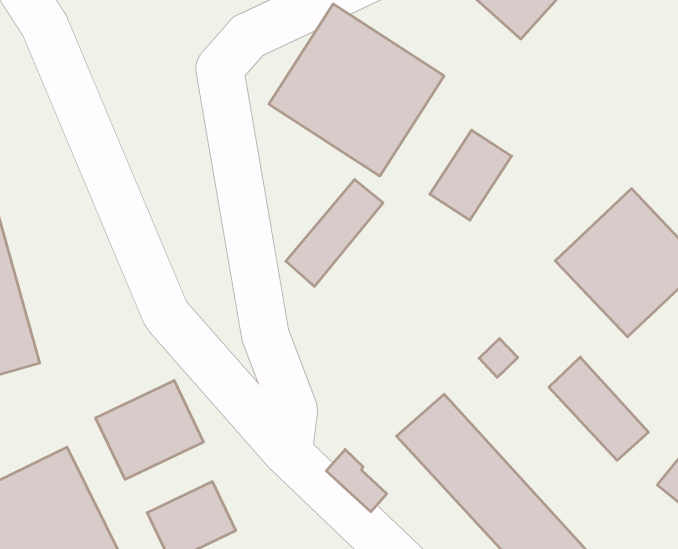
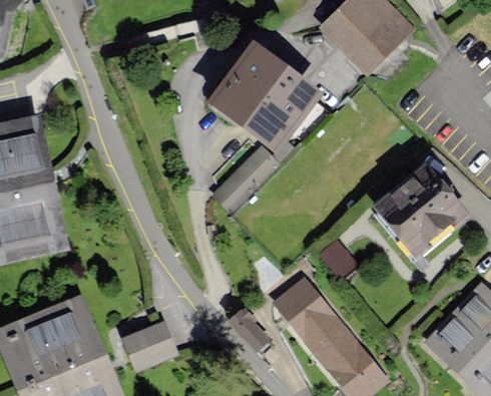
building: [430,130,512,220] -> none
building: [549,357,648,460] -> none
building: [96,380,203,479] -> none

